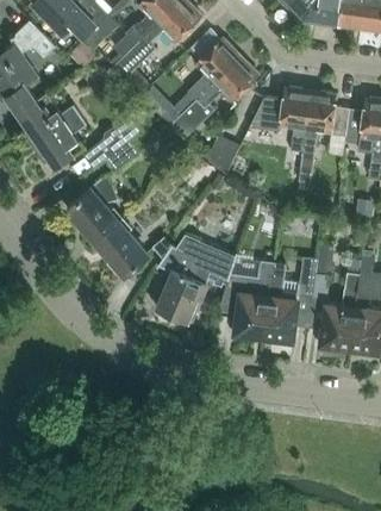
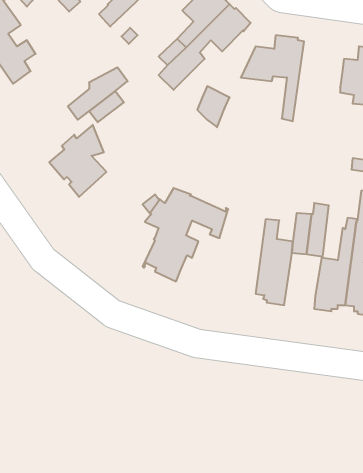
building: [298,92,348,182] -> none
building: [26,105,86,167] -> none
building: [94,218,150,276] -> none
building: [217,261,273,339] -> none

